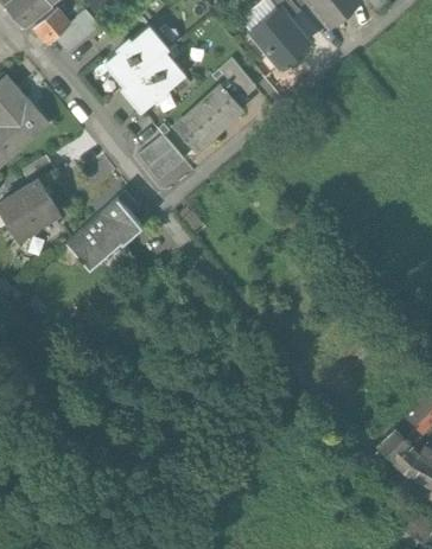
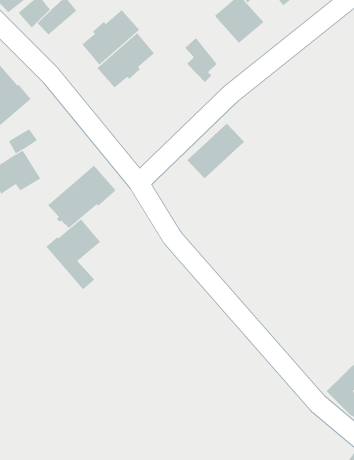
building: [176,85,241,148] -> [186,123,245,179]
building: [138,134,183,180] -> none
building: none -> [45,218,101,290]

